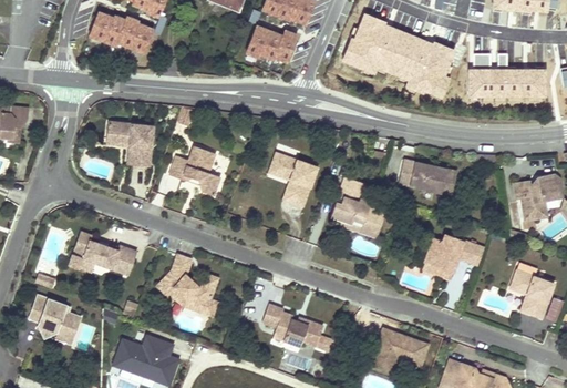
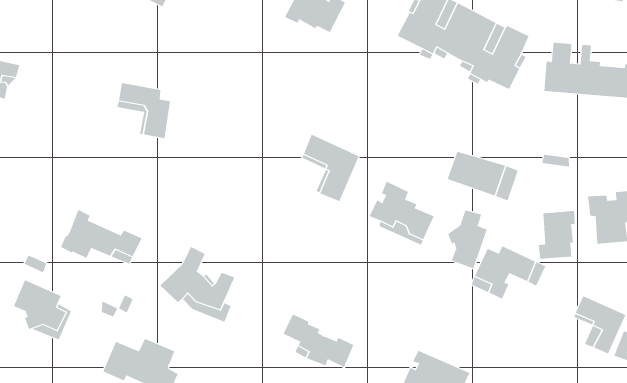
building: [172,145,223,194] -> none
building: none -> [538,210,575,260]
building: none -> [448,210,488,269]

